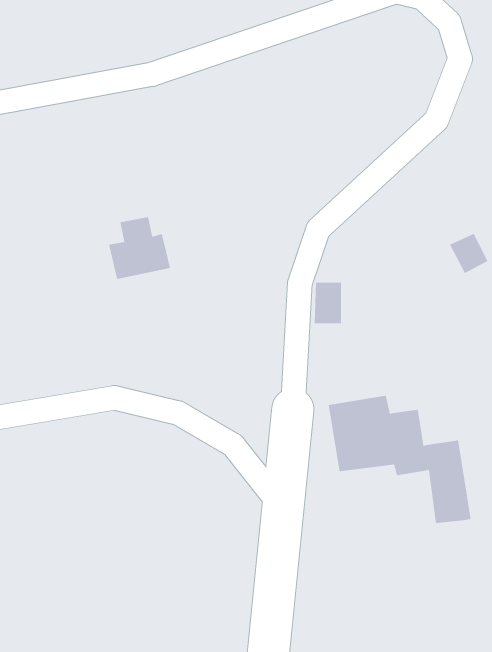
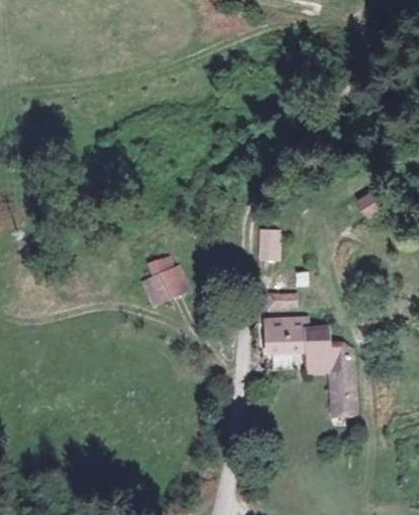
building: [108,217,171,279] -> [143,251,188,297]

